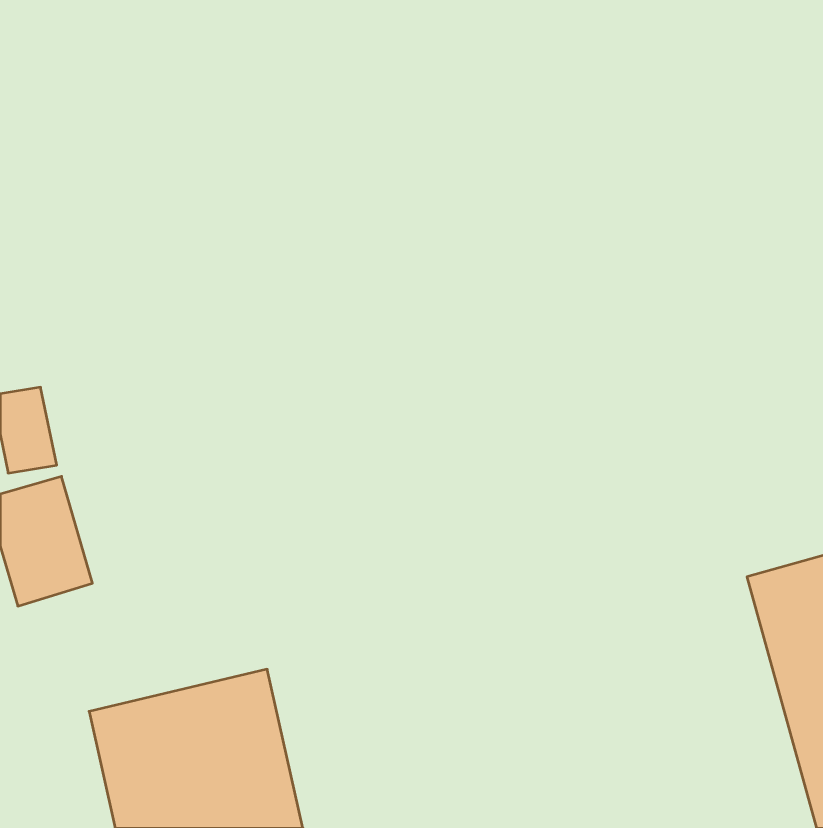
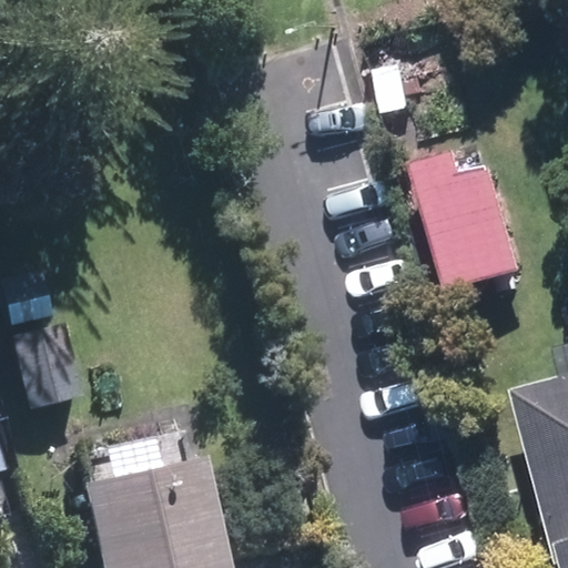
building: none -> [409,153,521,297]

